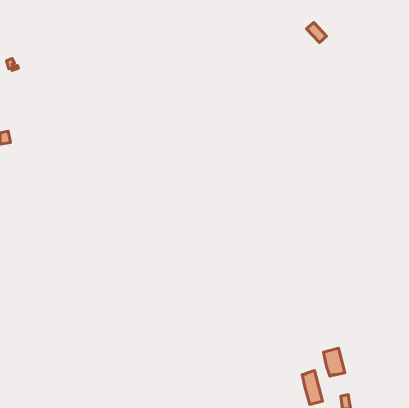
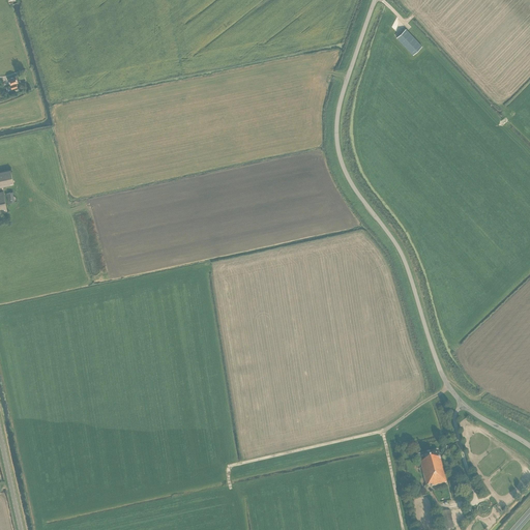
building: [302,370,323,404] -> none

